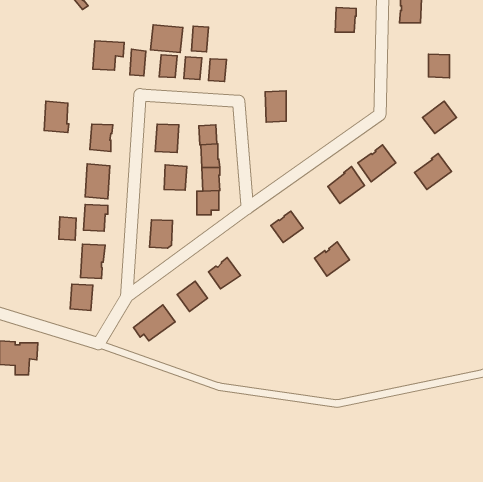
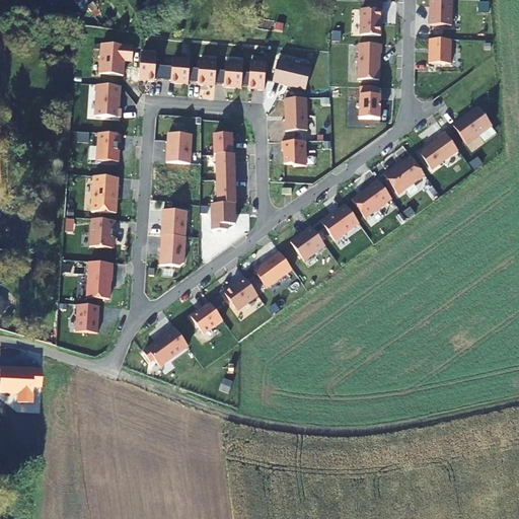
building: [151,25,183,52] -> none
building: [191,26,208,52] -> [247,62,266,89]
building: none -> [357,43,381,79]
building: [429,54,449,78] -> [428,38,450,63]
building: none -> [272,60,310,89]
building: none -> [358,86,379,118]
building: [44,101,69,132] -> [94,84,121,118]
building: none -> [280,141,304,166]
building: [415,154,451,190] -> [418,131,457,169]
building: [164,165,187,190] -> [162,209,187,236]
building: [59,217,76,240] -> none
building: none -> [252,250,291,287]
building: [314,242,350,276] -> [320,204,358,240]

